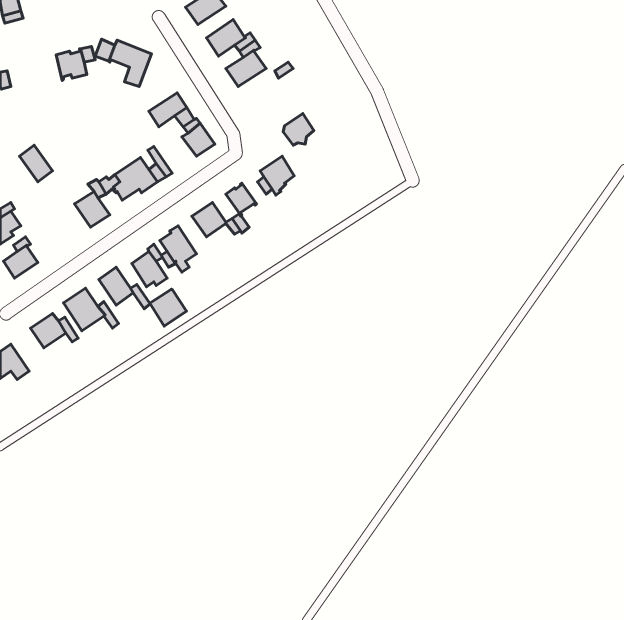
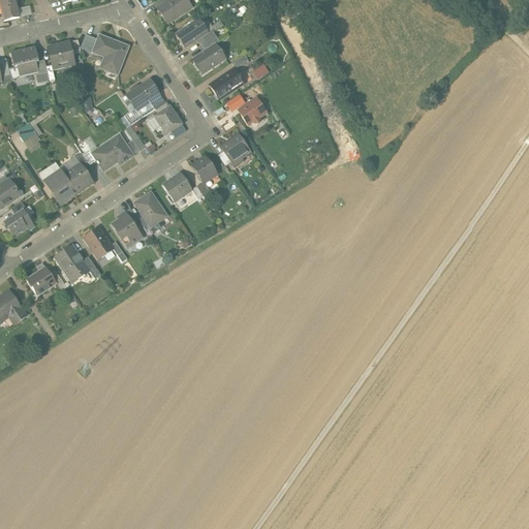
building: none -> [10,46,46,74]
building: none -> [209,67,244,99]
building: none -> [44,170,76,205]
building: [150,289,186,326] -> none

